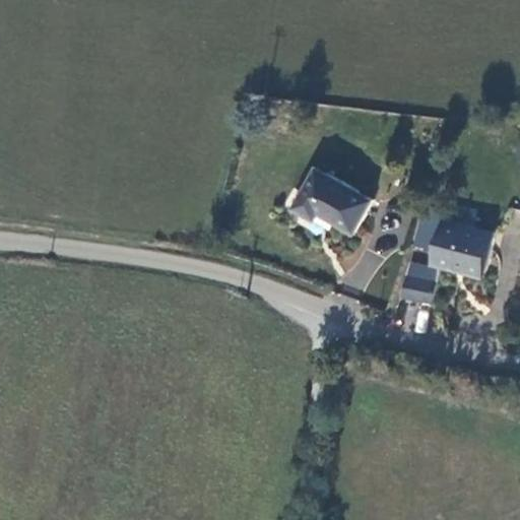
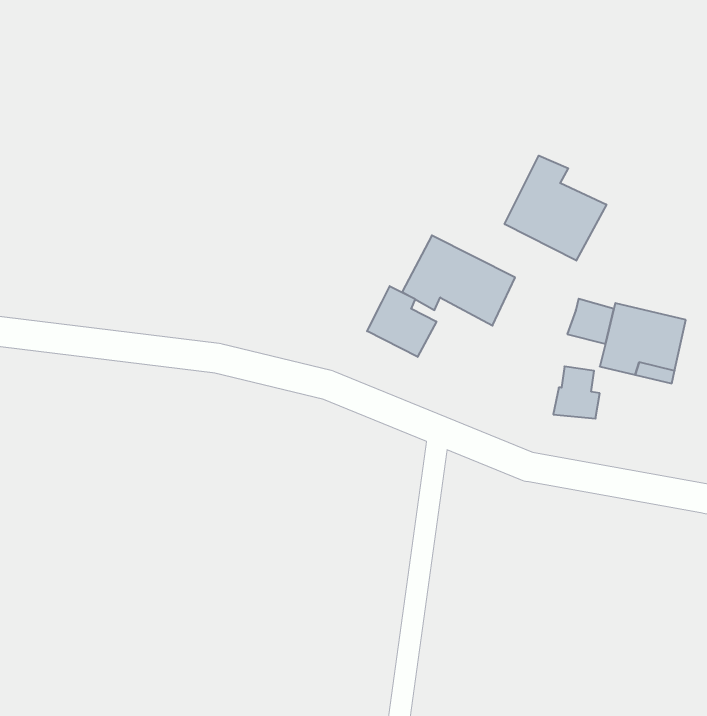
building: none -> [505,156,606,261]
building: none -> [367,286,436,357]

